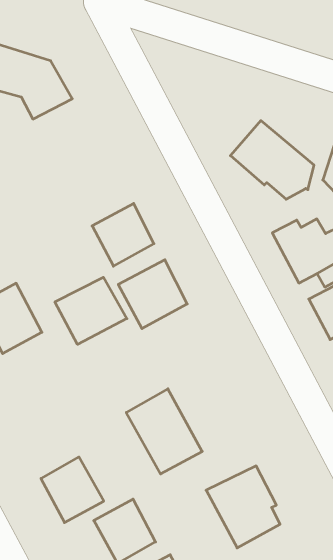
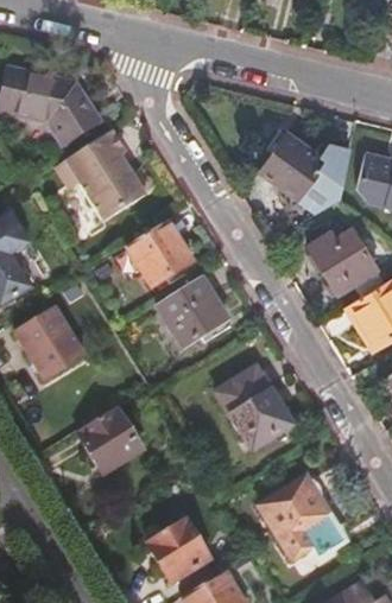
building: none -> [52,132,141,221]
building: [55,277,127,344] -> none
building: [126,389,202,474] -> [215,366,293,451]
building: [41,457,104,523] -> [77,407,141,474]

